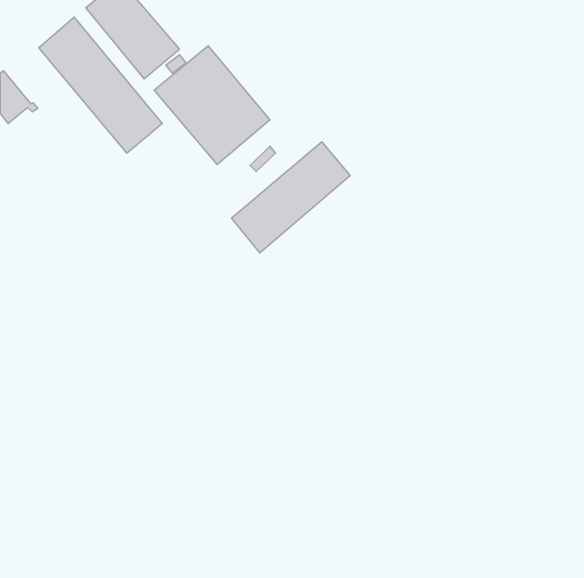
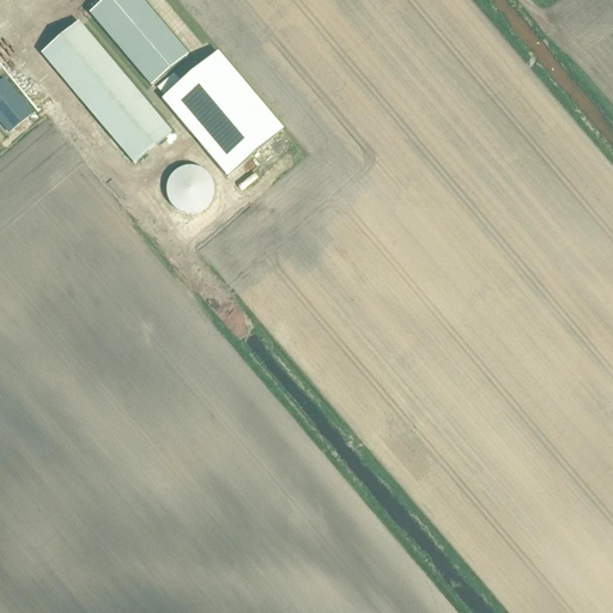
building: [232,142,350,253] -> none
building: none -> [168,163,212,207]

